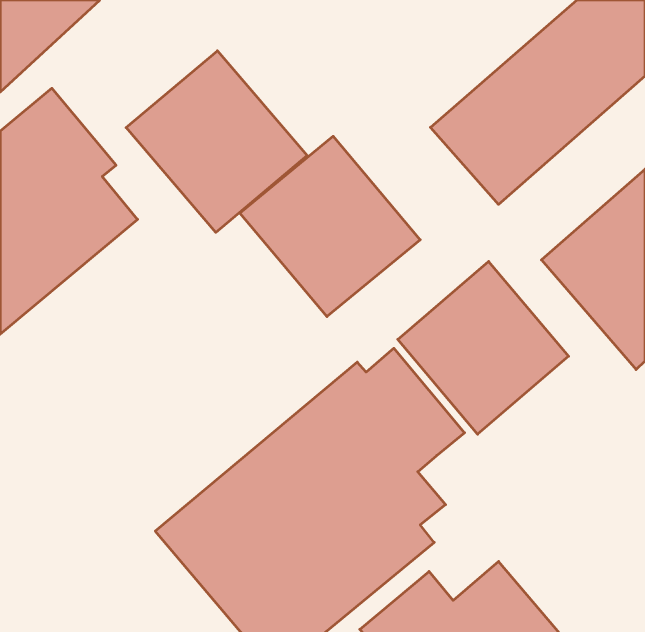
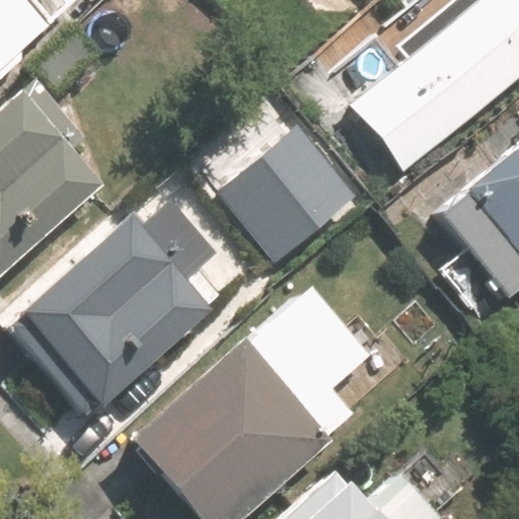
building: [126,51,307,232] -> none
building: none -> [20,203,221,402]
building: [398,261,569,434] -> none

